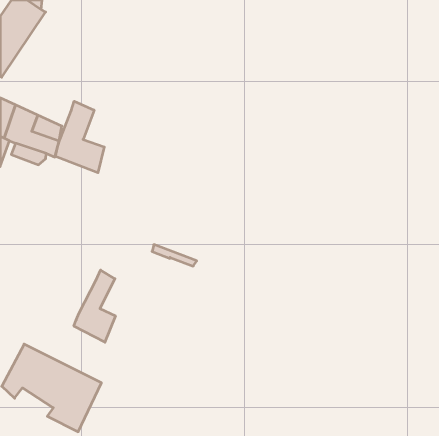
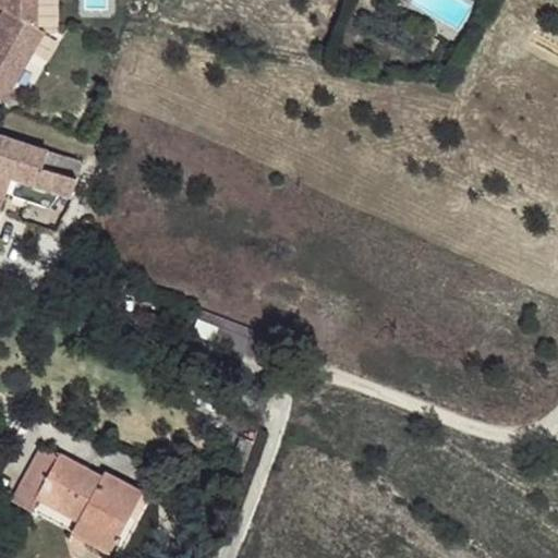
building: [55,101,104,173] -> none
building: [74,270,115,342] -> none

